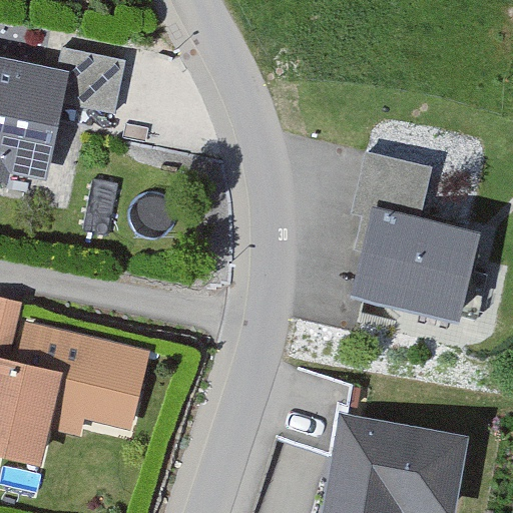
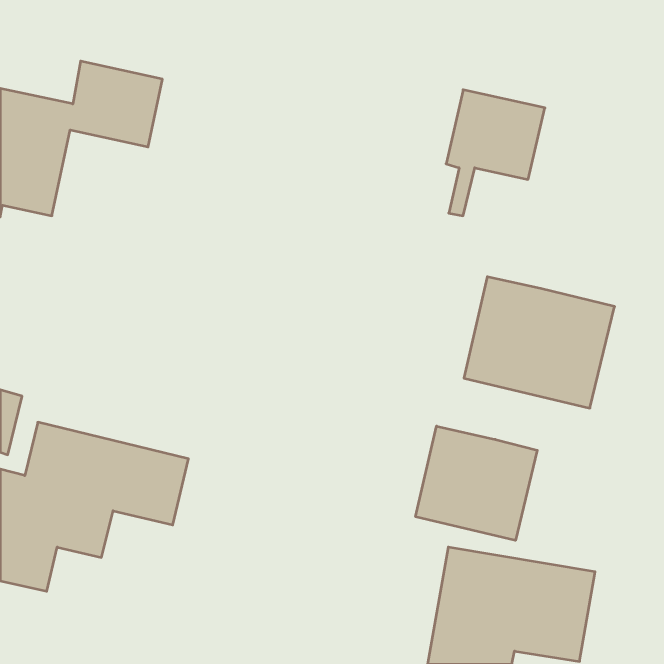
building: [354,153,430,250] -> [446,90,545,216]
building: none -> [416,426,537,540]

